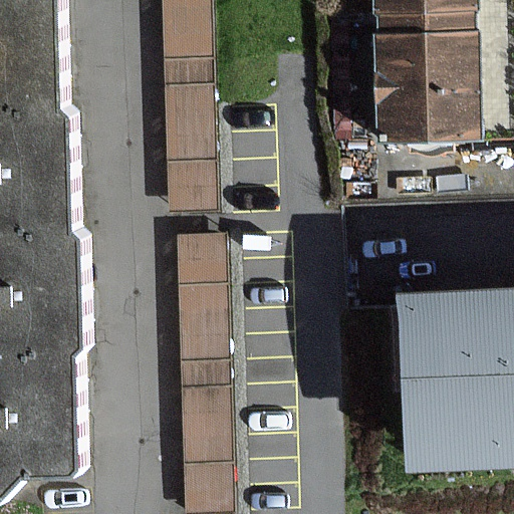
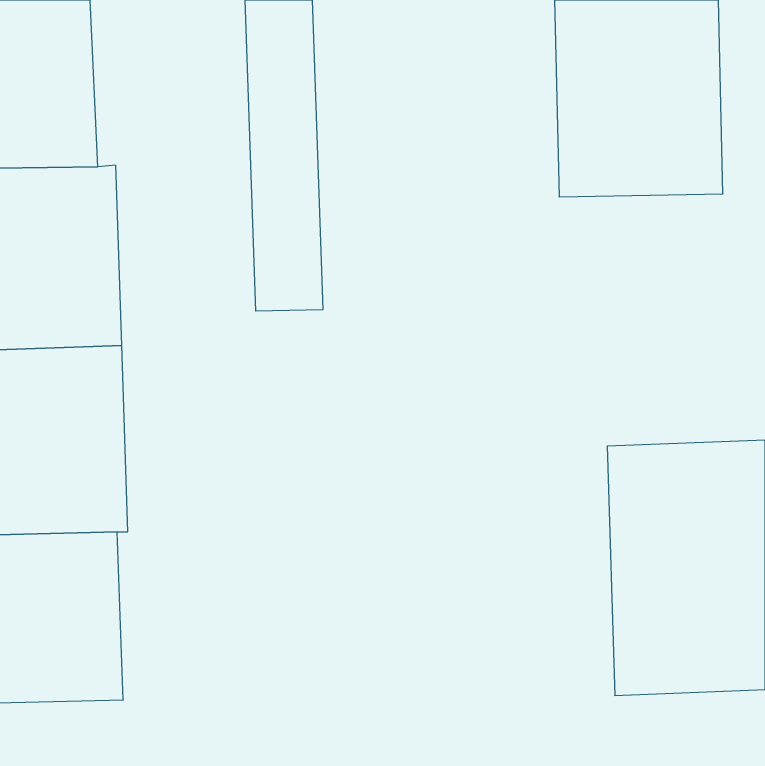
building: [179,236,233,509] -> none

